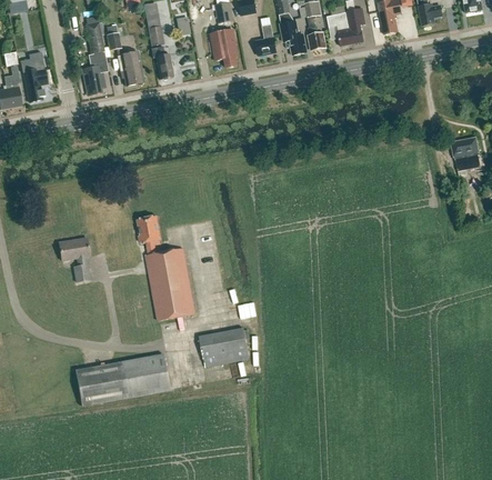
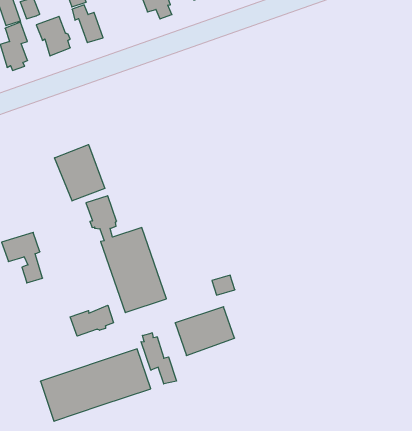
building: none -> [55,145,105,201]
building: none -> [70,305,114,336]
building: none -> [141,333,176,384]

